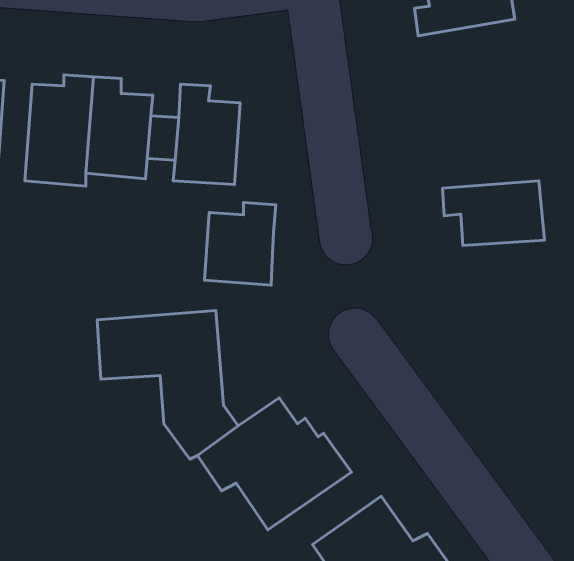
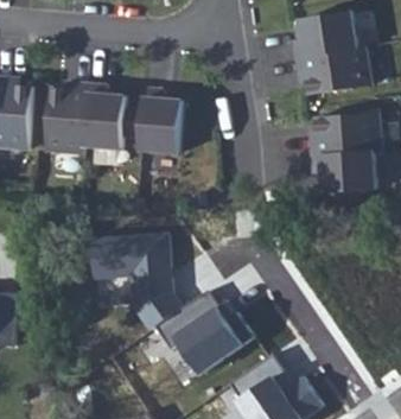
building: none -> [295,46,370,95]
building: none -> [310,113,381,155]
building: [205,202,276,285] -> none

